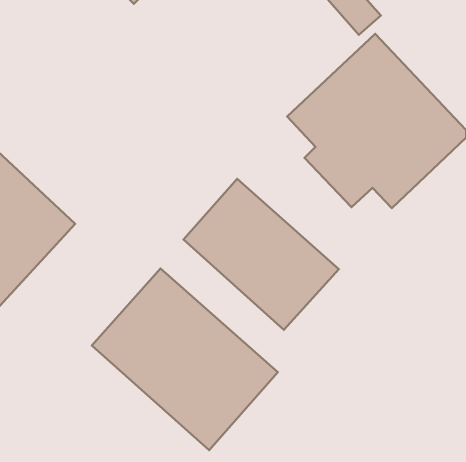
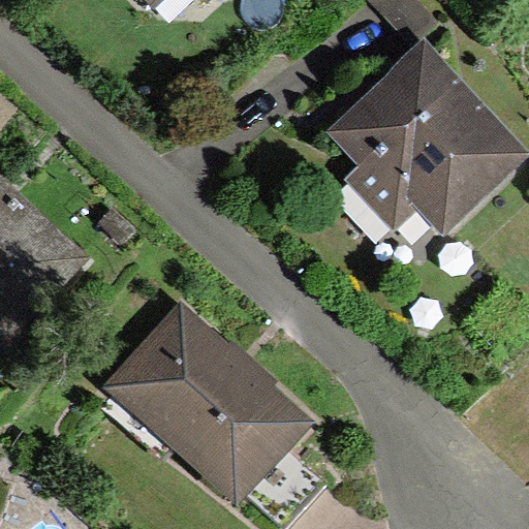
building: [183,179,339,330] -> none

